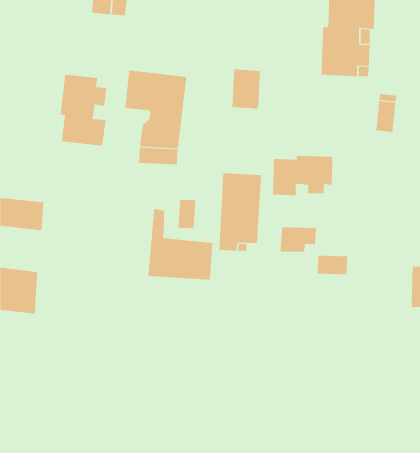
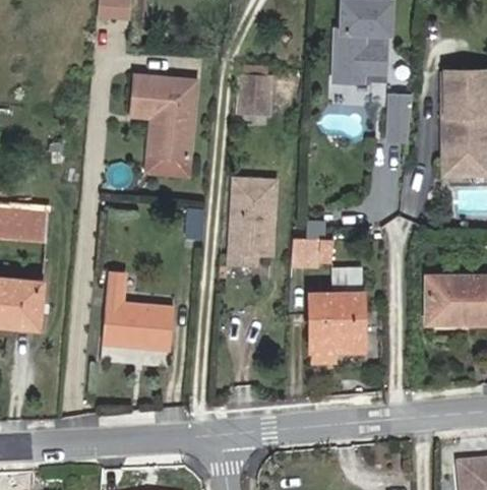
building: [60,74,107,147] -> none
building: [272,155,333,196] -> none
building: [148,208,213,280] -> [104,273,172,348]
building: none -> [310,294,361,349]

